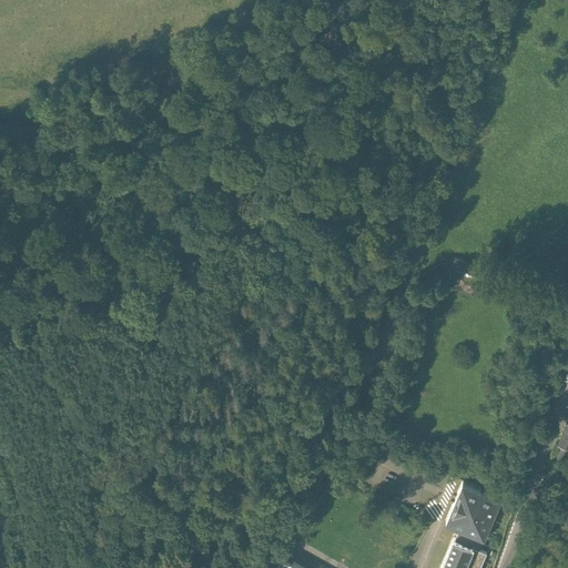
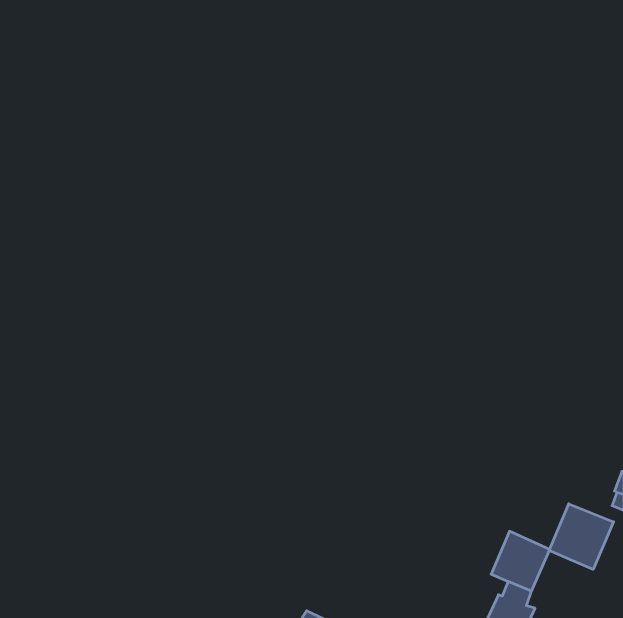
building: none -> [549,504,614,569]

